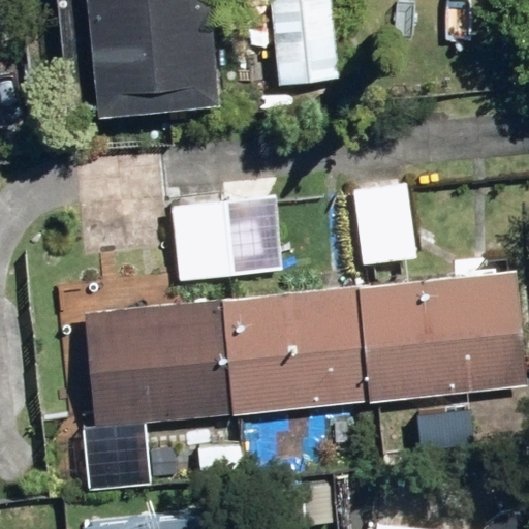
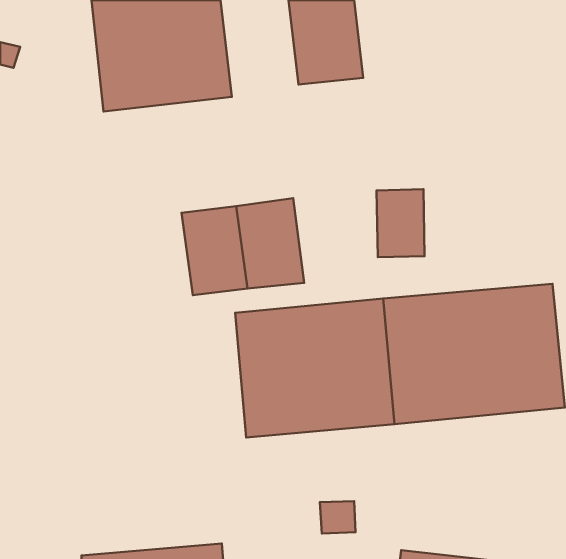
building: [85,300,231,429] -> none

